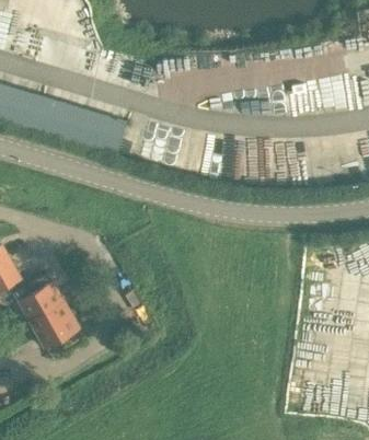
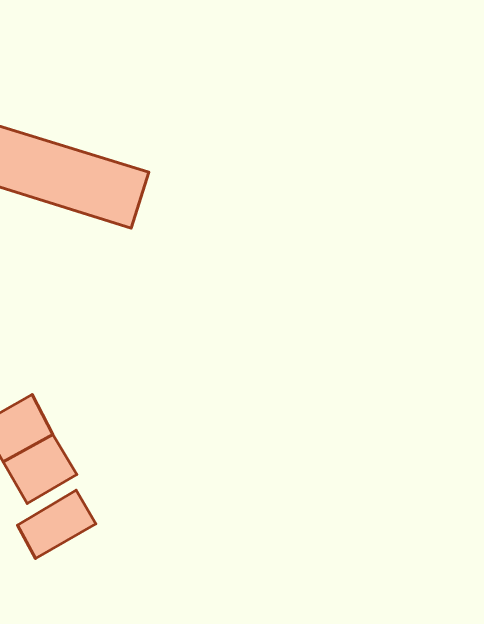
building: none -> [17,490,96,558]

